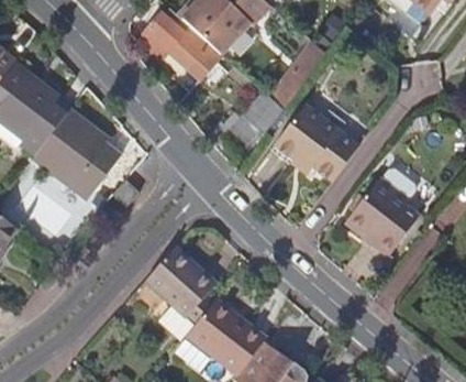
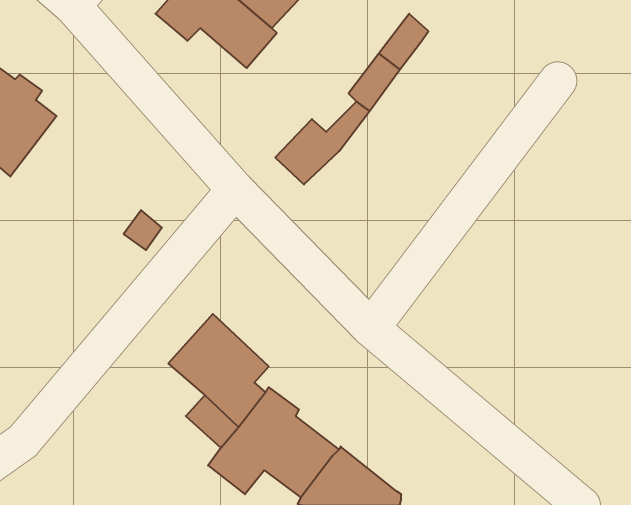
building: [278,101,362,177] -> none
building: [35,105,122,196] -> none
building: [352,176,422,254] -> none

